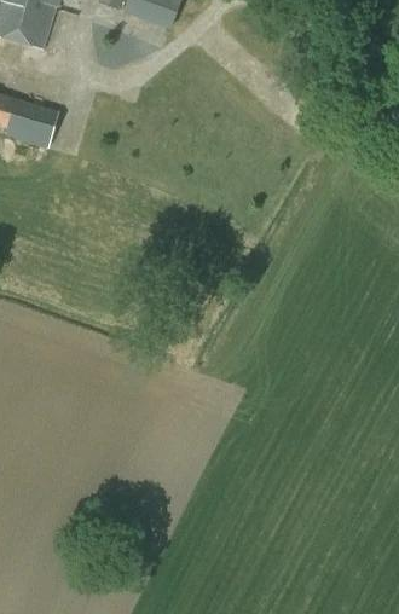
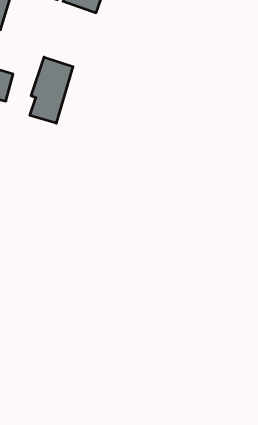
building: none -> [30,57,73,123]

